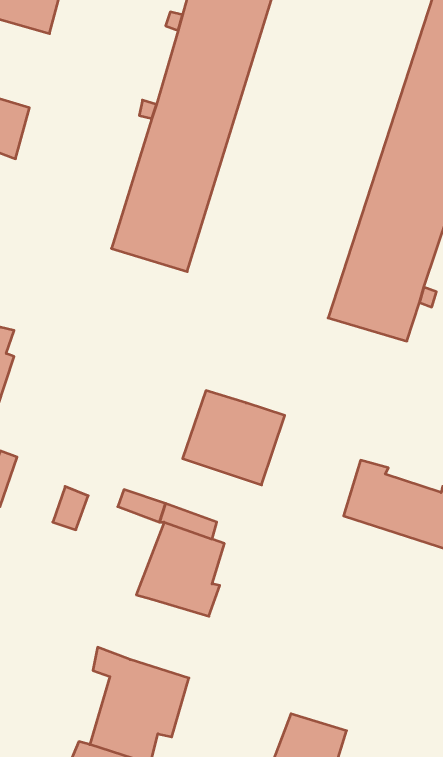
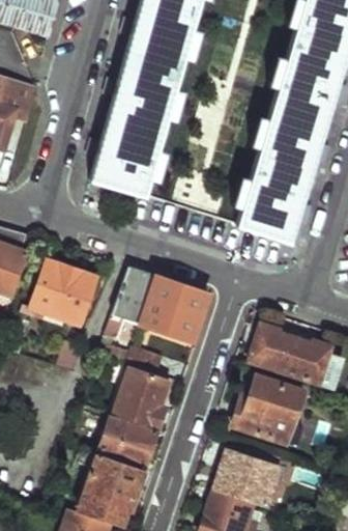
building: none -> [28,261,95,324]
building: none -> [104,267,156,338]
building: none -> [231,372,304,441]
building: none -> [106,416,158,469]
building: none -> [215,449,282,503]

